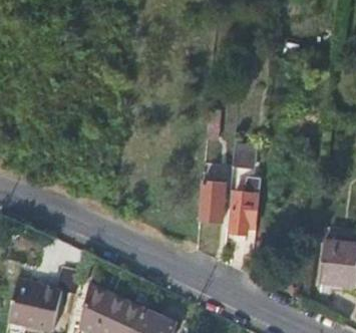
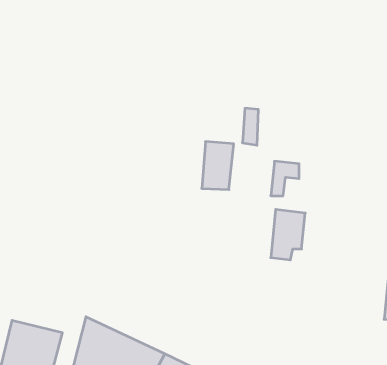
building: [201,183,227,222] -> [202,142,234,190]

